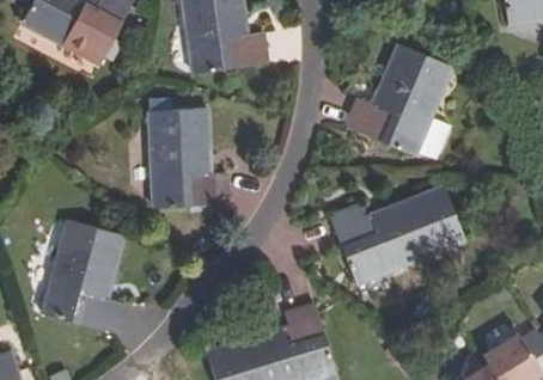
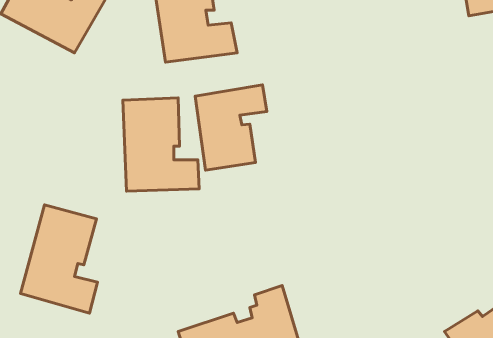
building: [347,45,451,155] -> none
building: none -> [195,85,267,170]
building: [329,186,463,283] -> none

